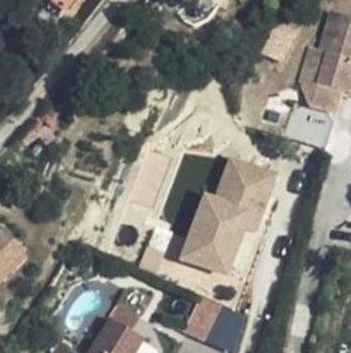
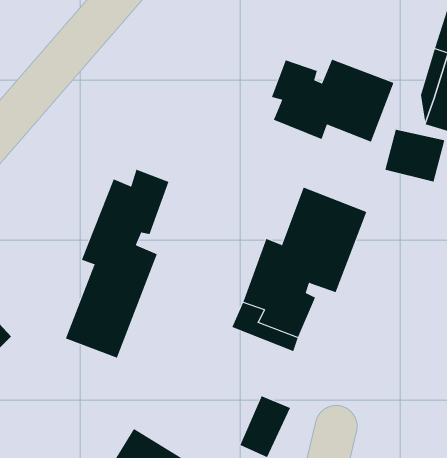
building: none -> [271,59,394,142]
building: none -> [65,169,169,359]

